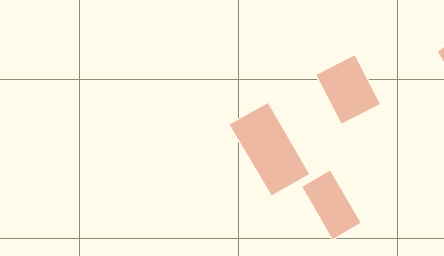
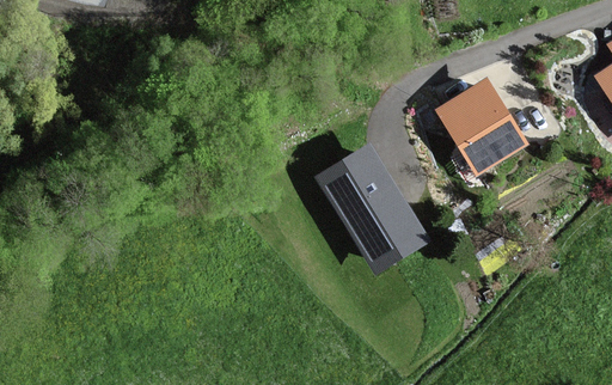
building: [301,170,361,240] -> none

